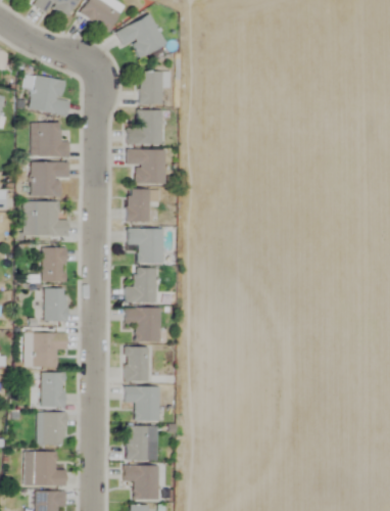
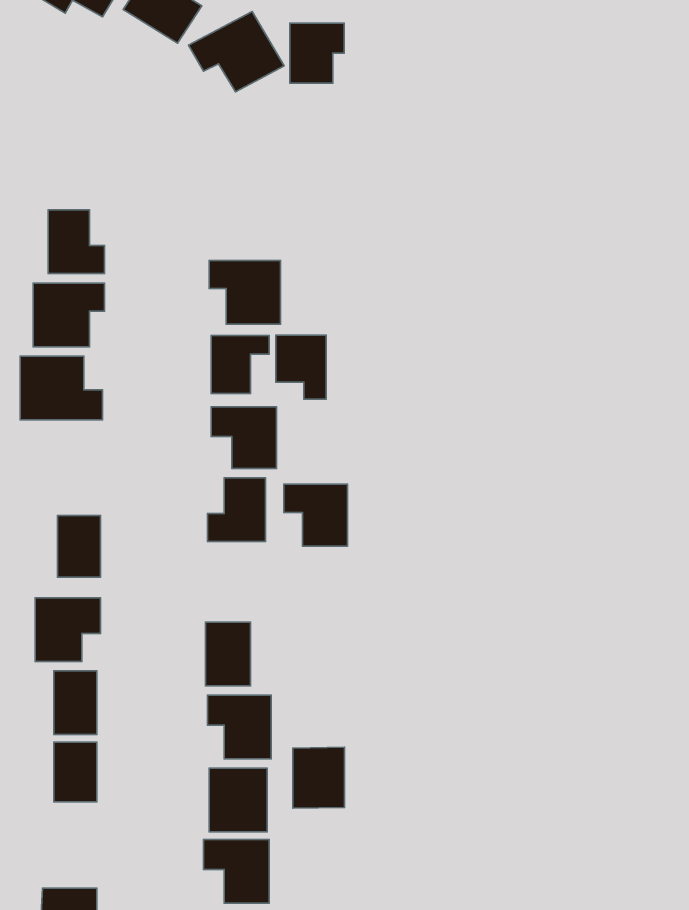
building: [140,71,169,103] -> [290,23,344,83]
building: [31,76,69,114] -> none
building: [127,109,162,144] -> none
building: none -> [276,335,326,399]
building: [42,247,65,282] -> none
building: [126,308,160,341] -> [284,484,348,546]
building: none -> [293,747,344,808]
building: [25,452,65,486] -> none

